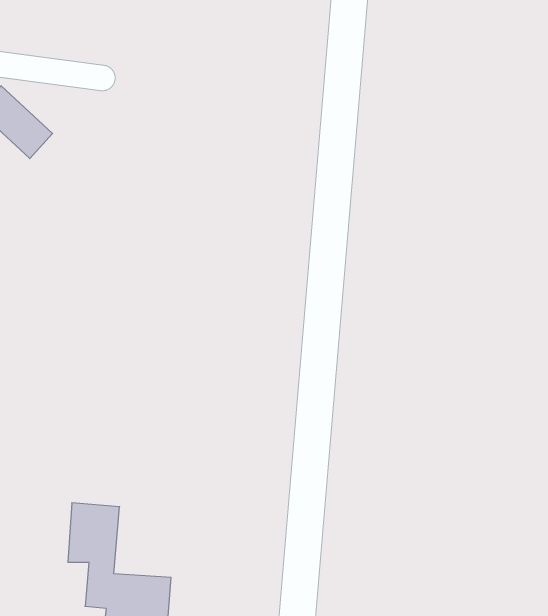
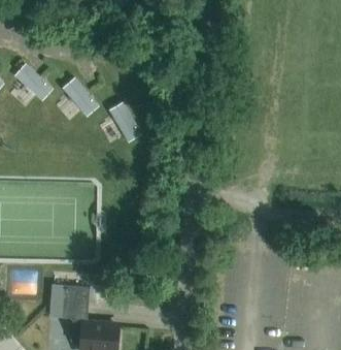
building: none -> [61,76,101,117]
building: none -> [110,100,141,142]

